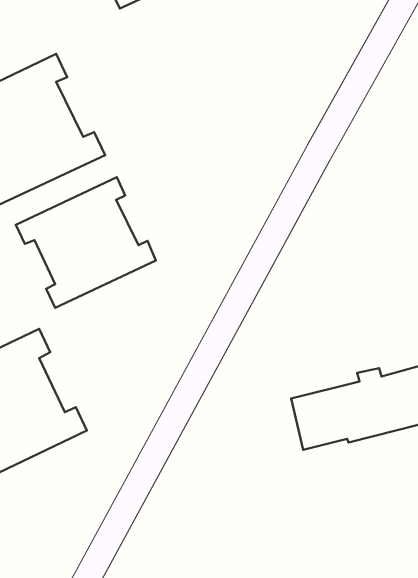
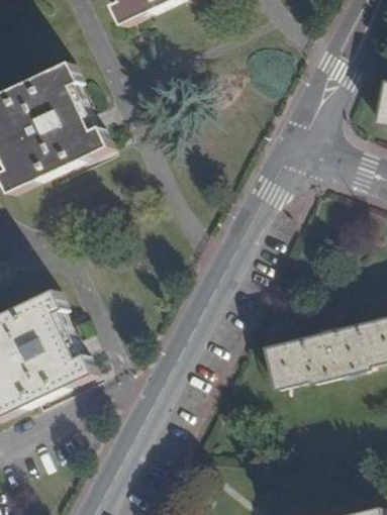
building: [16,177,156,308] -> none

